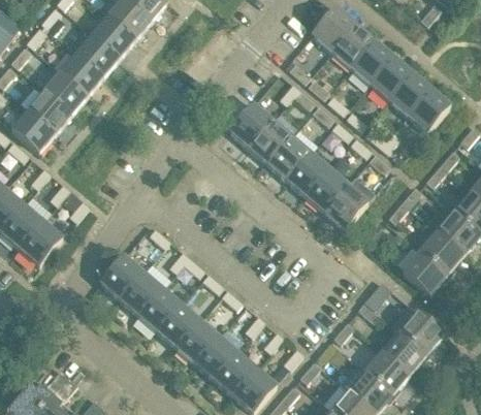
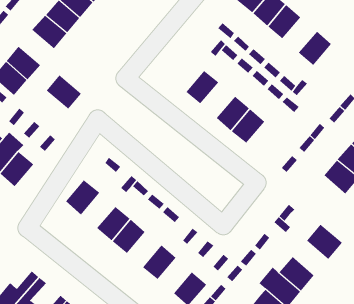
building: [368,56,411,99] -> none
building: [42,71,87,115] -> [46,75,82,110]
building: [407,89,449,132] -> none
building: [229,103,271,148] -> none
building: [267,136,310,180] -> none
building: [324,185,366,229] -> none
building: [402,251,446,295] -> none
building: [120,273,162,316] -> none
building: [177,321,219,364] -> none
building: [381,331,425,375] -> none
building: [215,353,256,396] -> none

